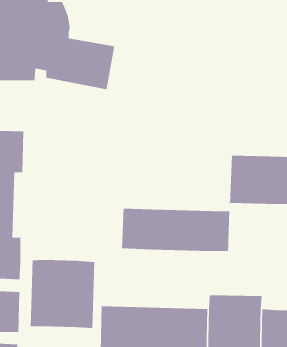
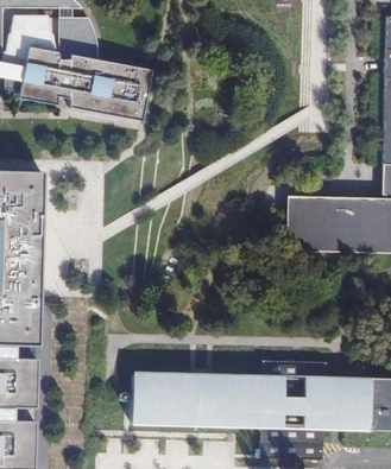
building: [121,208,230,252] -> none
building: [30,259,95,329] -> none

